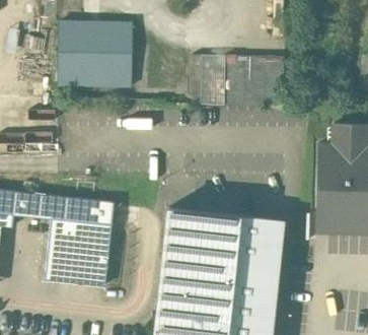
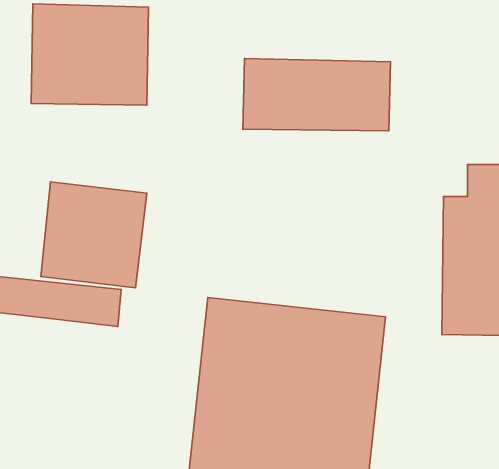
building: [45,218,112,285] -> [41,182,147,288]

